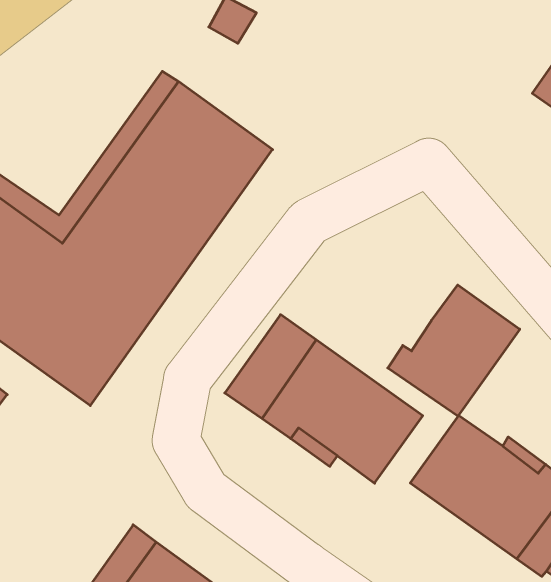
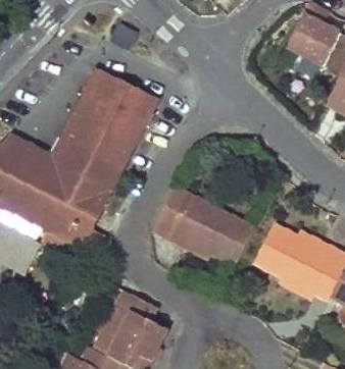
building: [388,285,520,416] -> none

